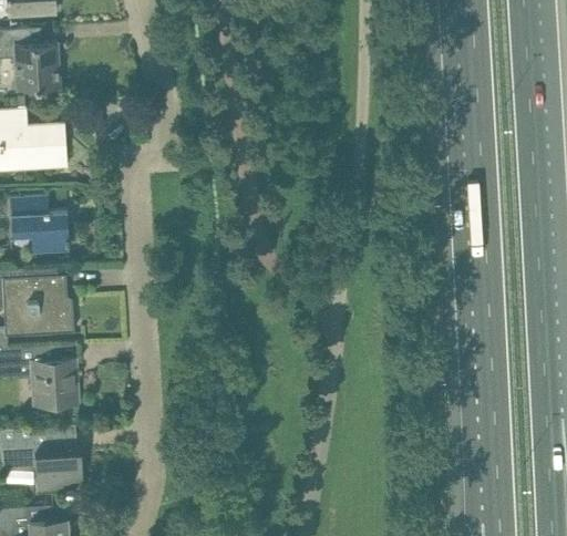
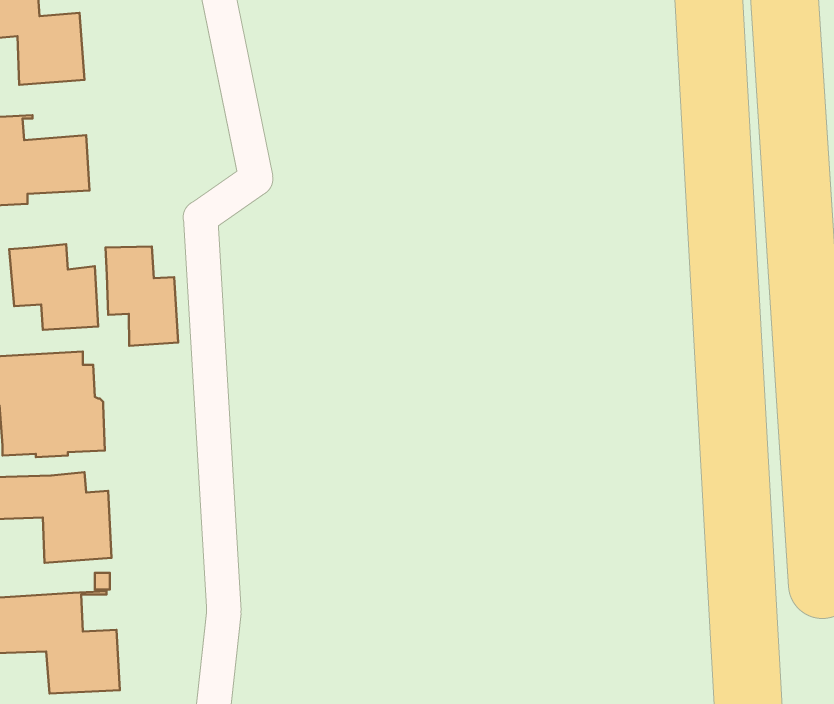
building: none -> [105,246,178,346]

